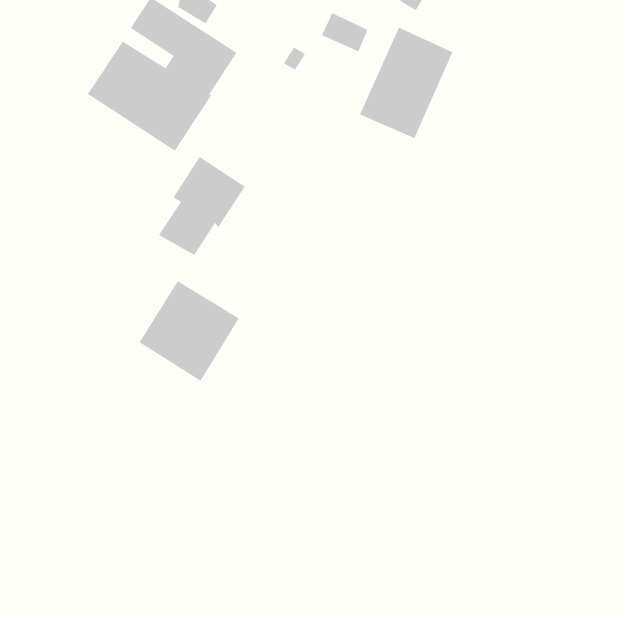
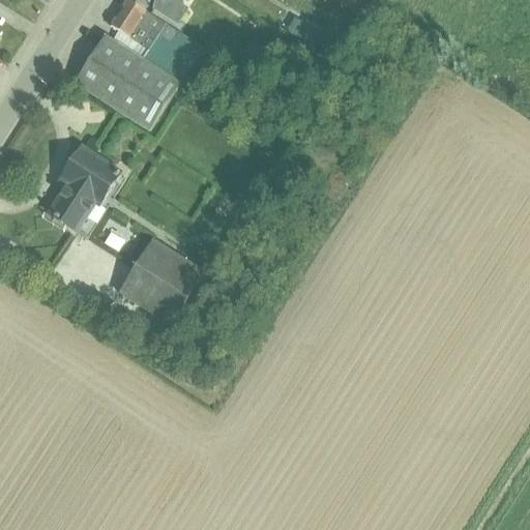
building: [359,26,454,139] -> none
building: [158,156,246,256] -> [45,144,119,229]

